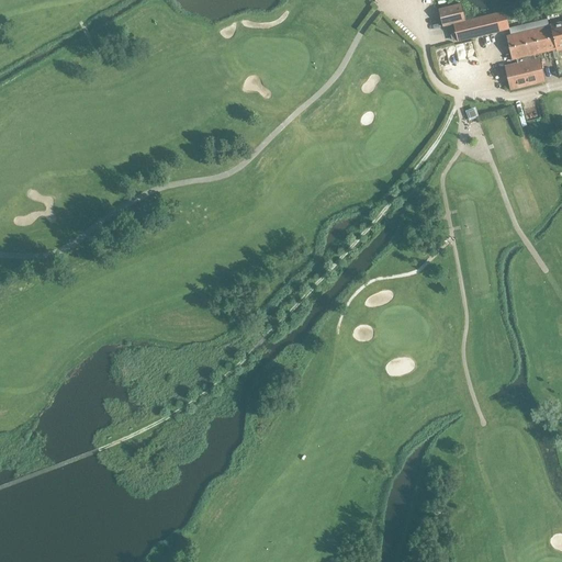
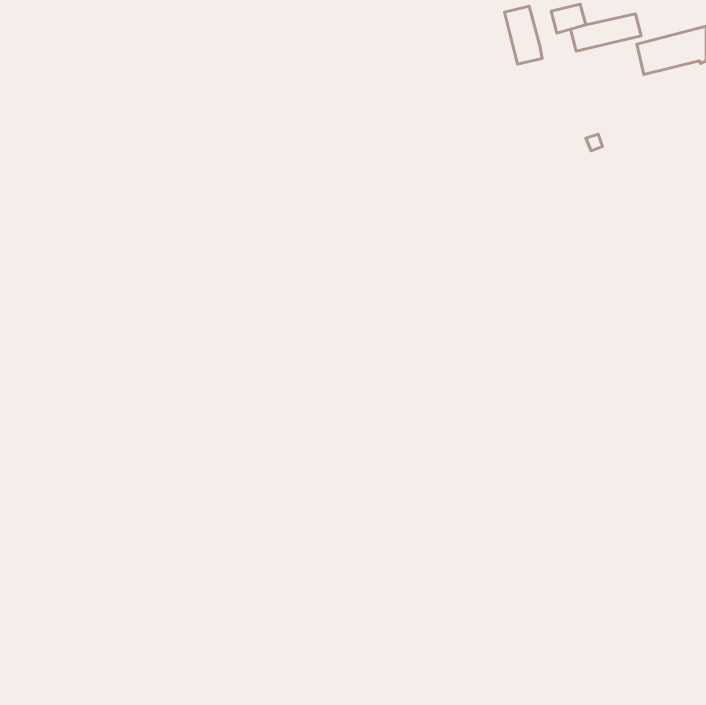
building: none -> [504,6,542,64]
building: [505,57,546,89] -> none

